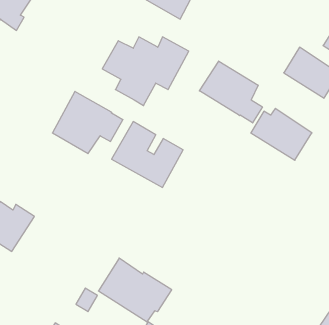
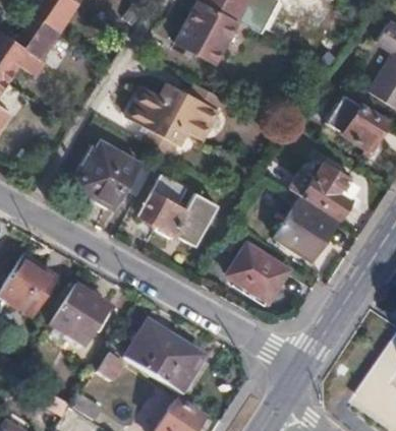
building: [199,61,262,123] -> none
building: none -> [275,199,336,259]
building: none -> [227,243,287,300]
building: none -> [50,284,108,346]

